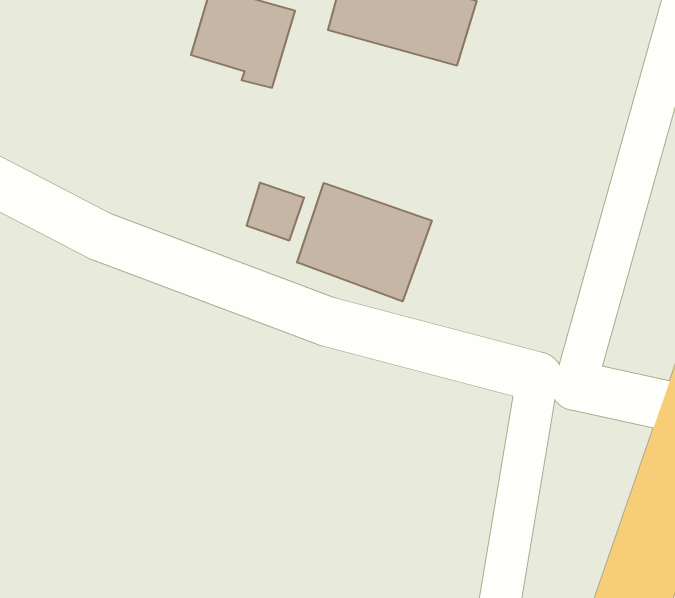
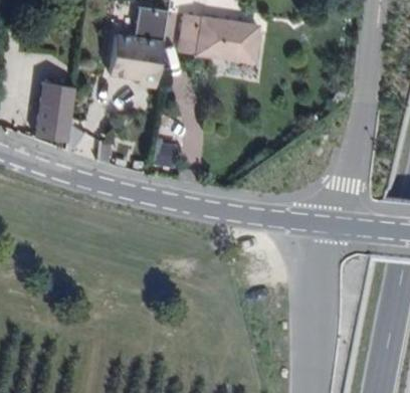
building: none -> [33,88,72,147]
building: [297,183,432,301] -> none

